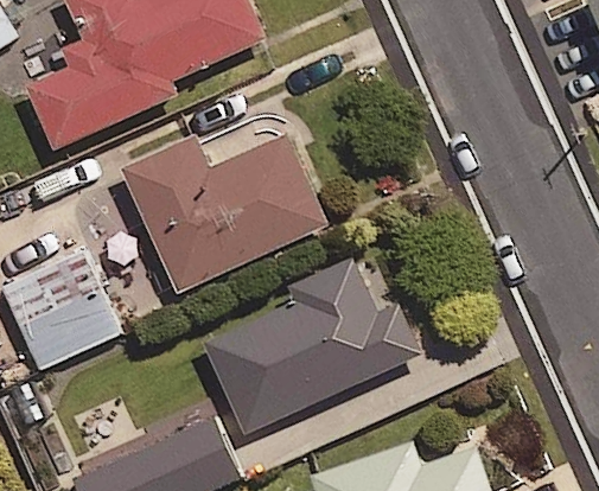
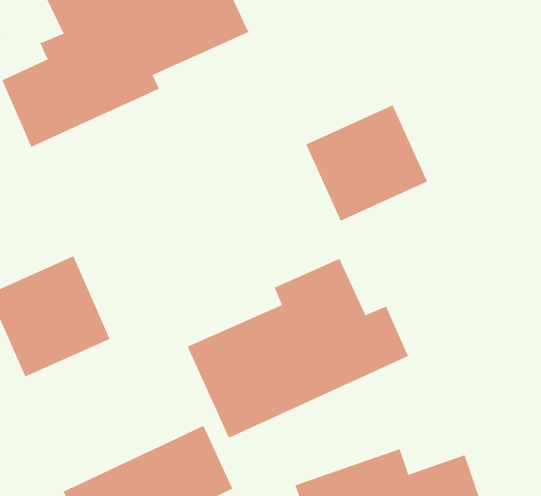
building: none -> [306,105,428,221]
building: [119,133,327,293] -> none

